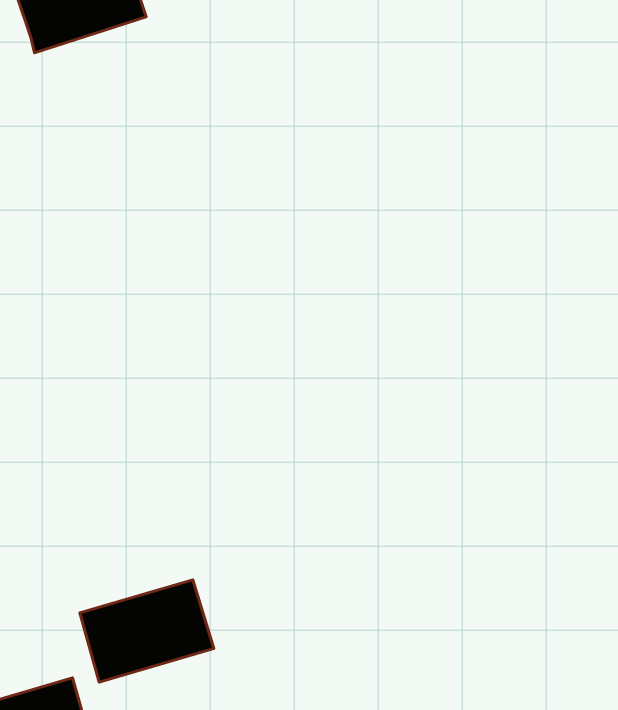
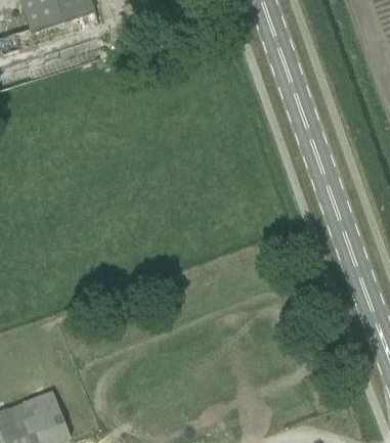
building: [80,580,214,682] -> none

